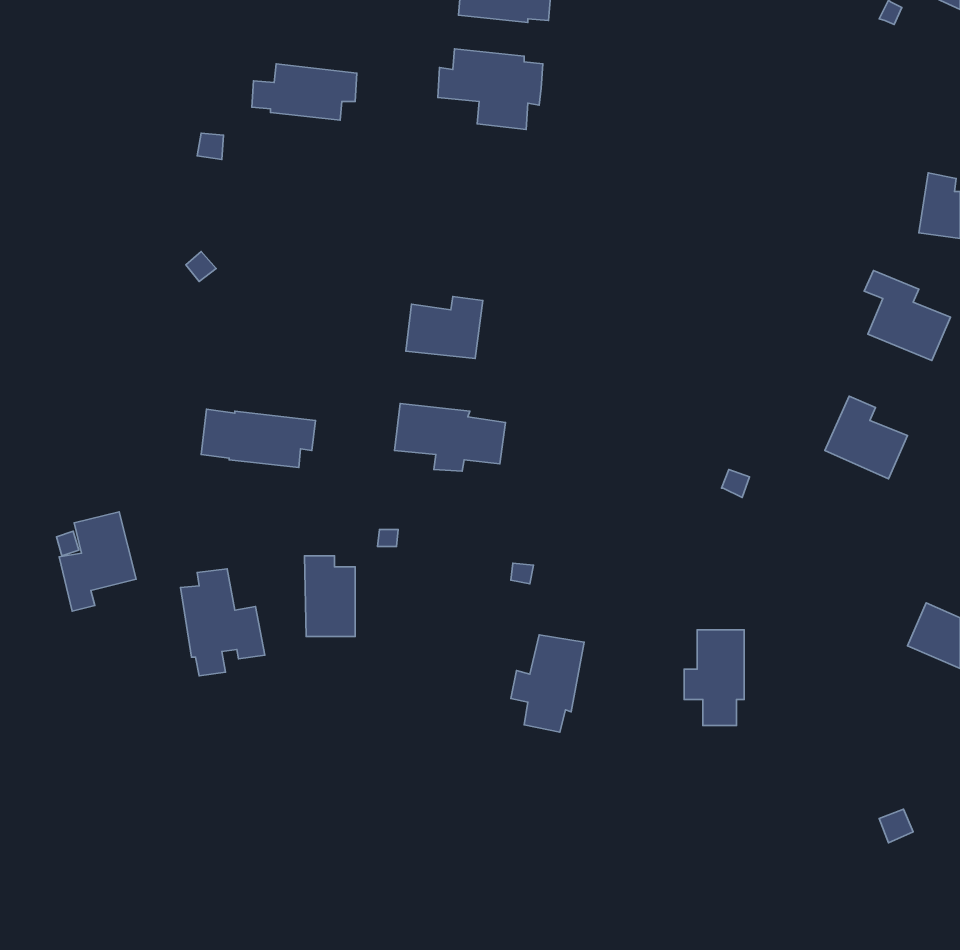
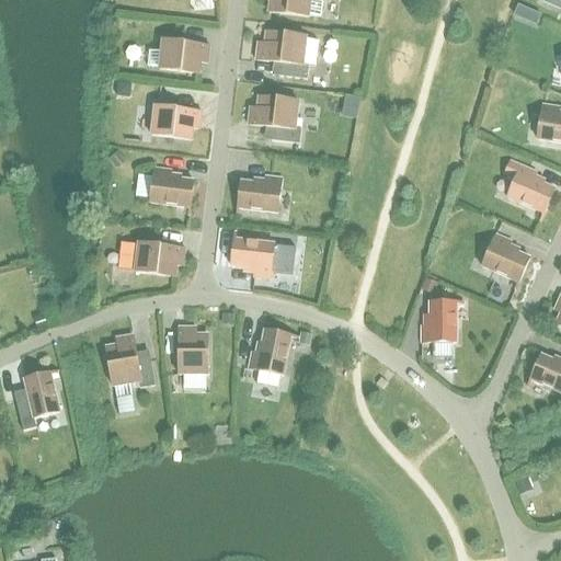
building: none -> [248,93,300,140]
building: none -> [150,103,201,137]
building: none -> [149,164,193,205]
building: [59,512,136,611] -> [14,369,59,427]
building: [684,630,744,726] -> [421,299,456,355]
building: [511,635,584,732] -> [248,328,290,385]

